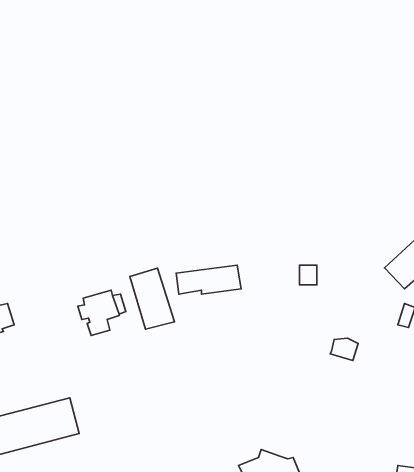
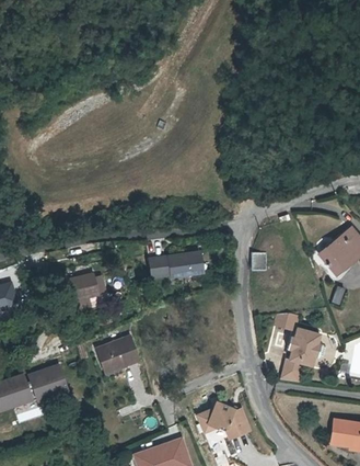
building: [130,268,175,329] -> none
building: none -> [278,329,325,382]
building: none -> [97,338,139,374]

